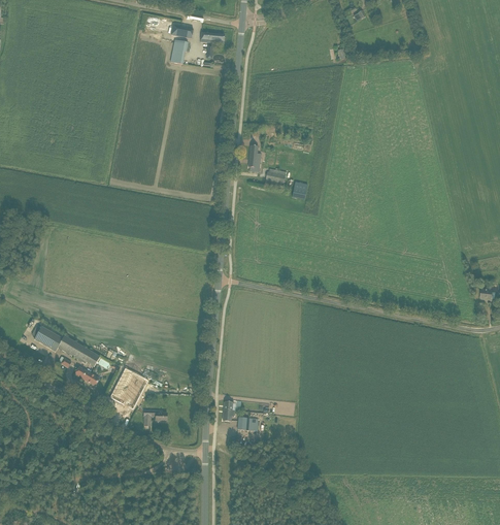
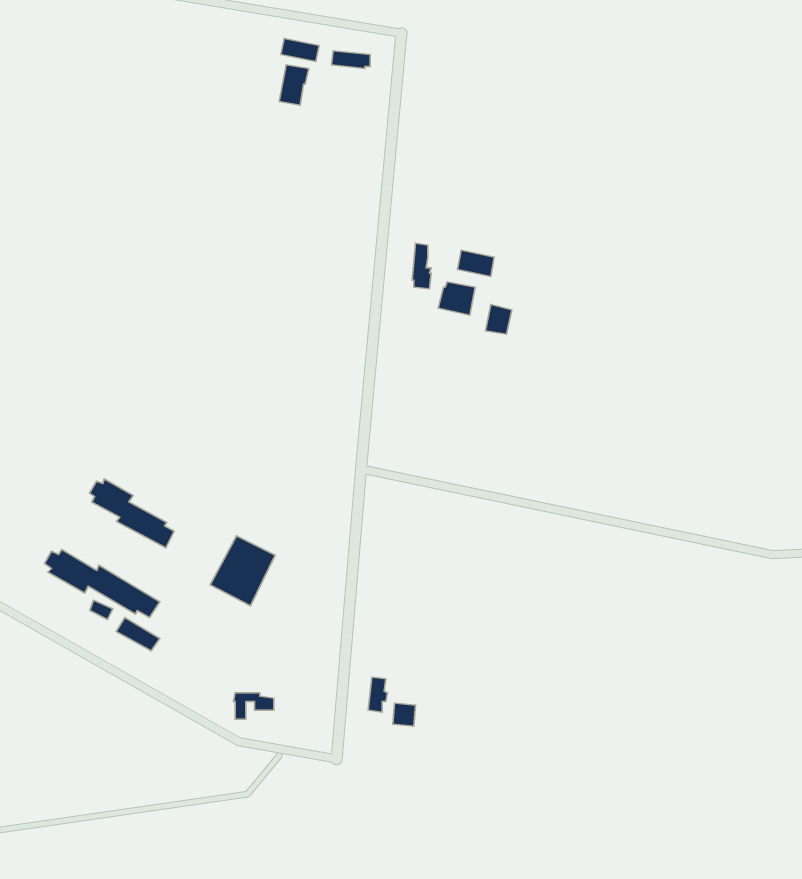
building: none -> [90,479,174,548]
building: [109,368,147,409] -> [210,536,275,606]

